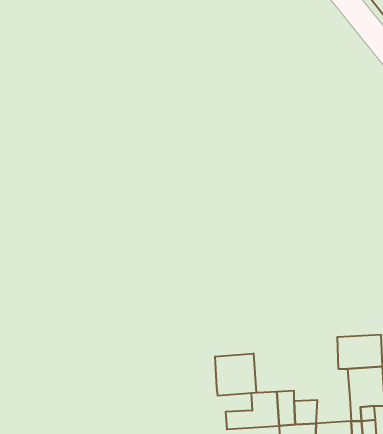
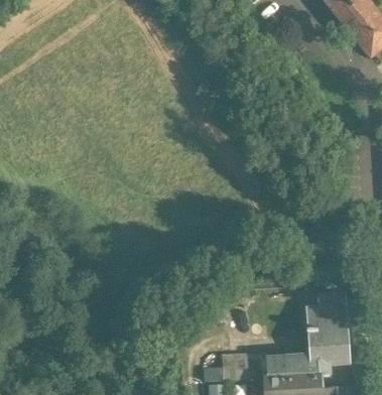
building: [215,353,256,396] -> none
building: none -> [286,356,316,378]

